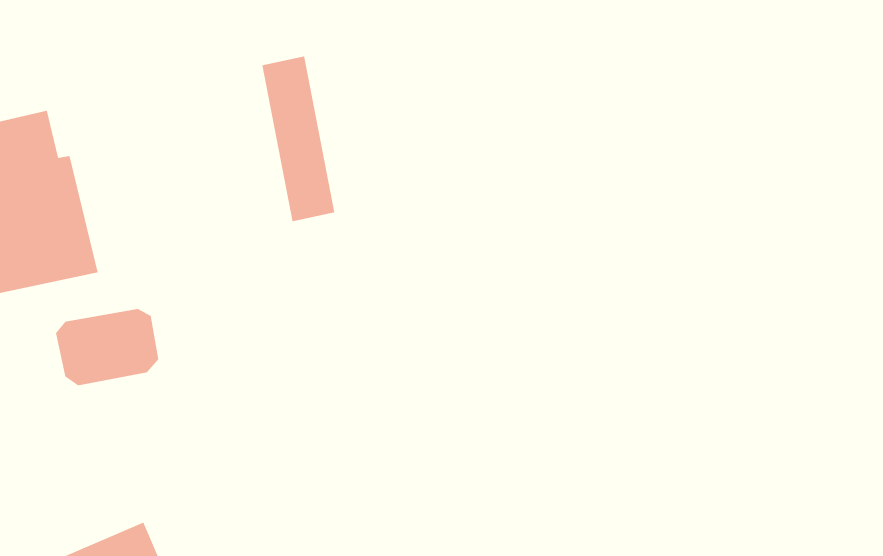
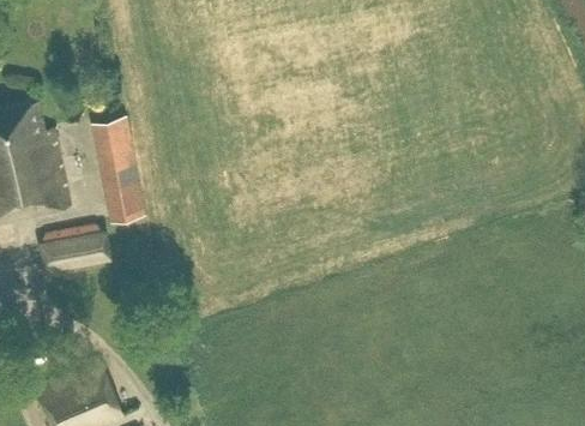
building: [262,56,335,222] -> [96,114,143,220]

